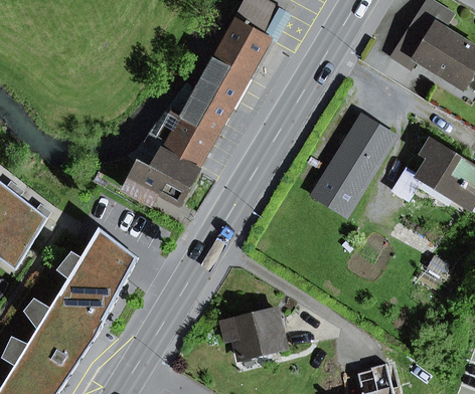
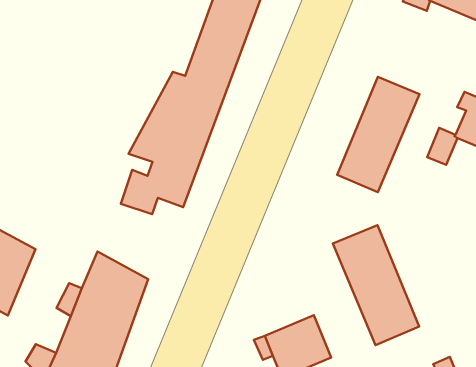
building: none -> [333,225,419,345]

